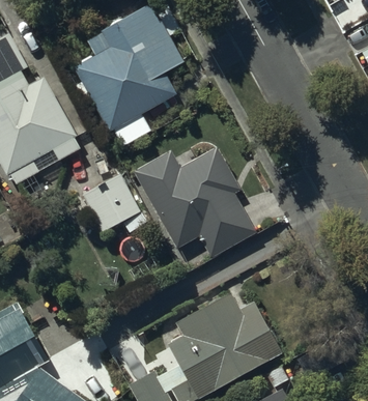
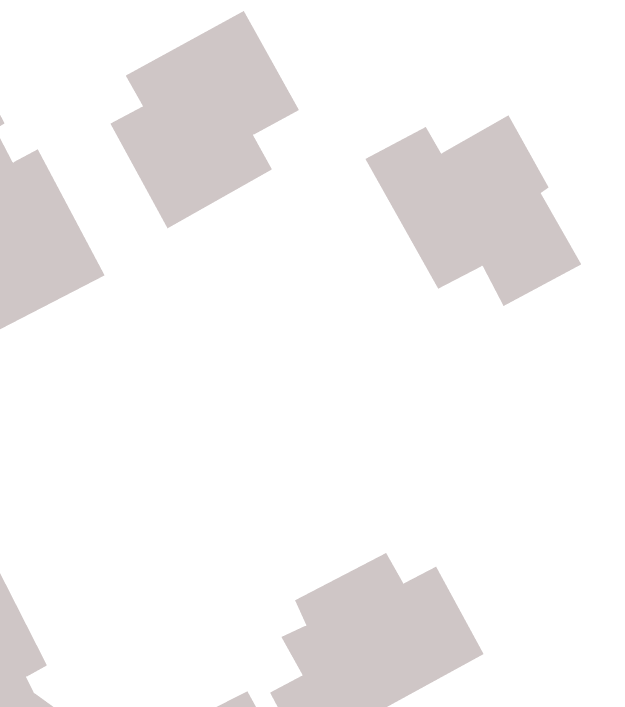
building: [137,150,254,254] -> [365,115,582,307]
building: [81,176,138,233] -> none

